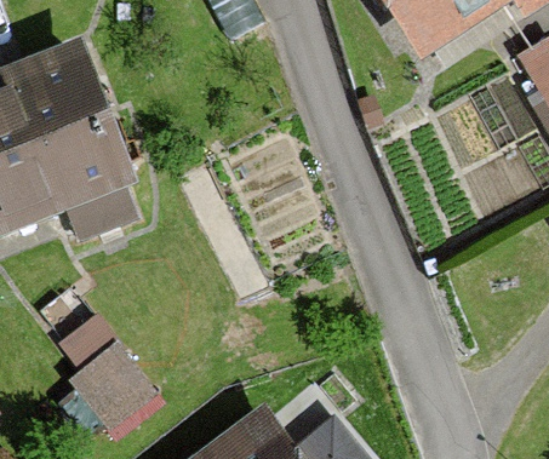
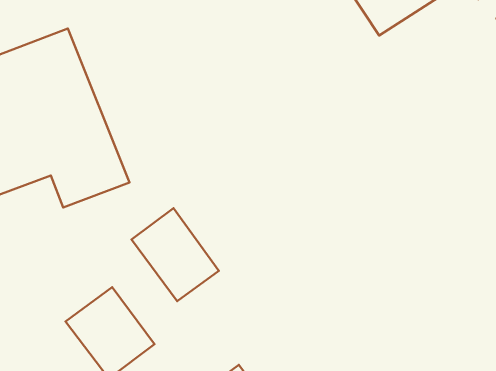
building: none -> [132,208,219,301]

